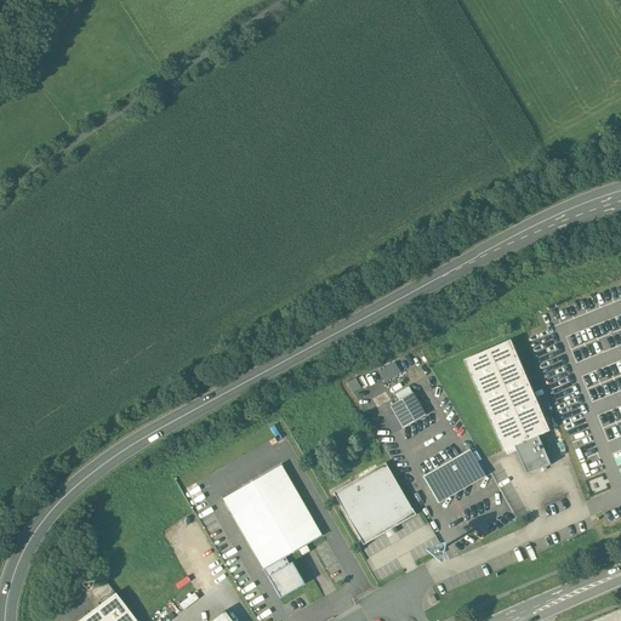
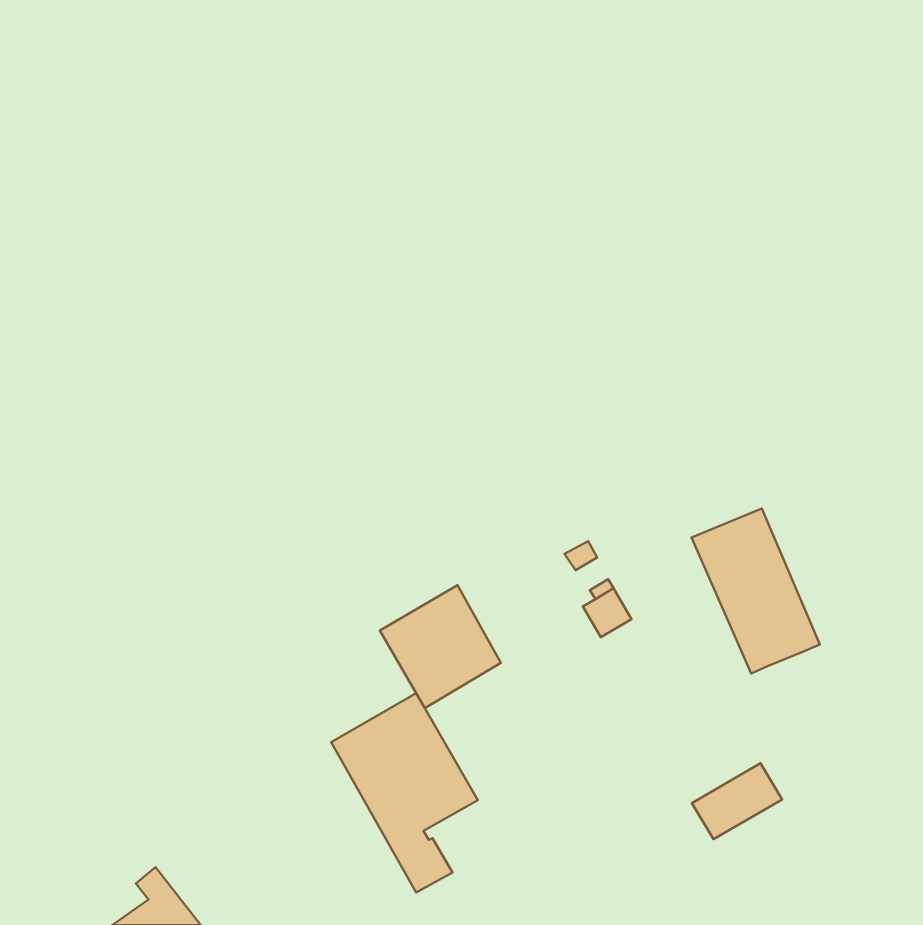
building: [515,437,552,474] -> none
building: [423,451,484,502] -> [692,763,782,839]
building: [332,462,414,545] -> [380,585,501,708]

